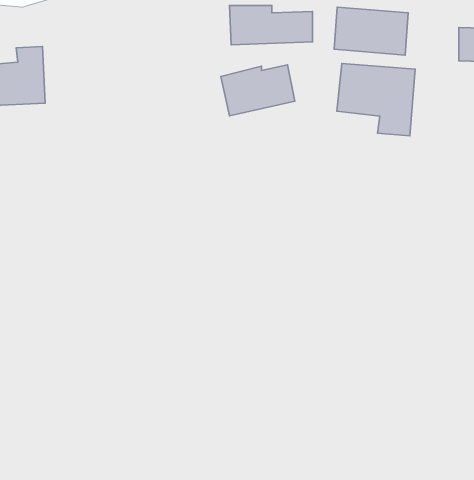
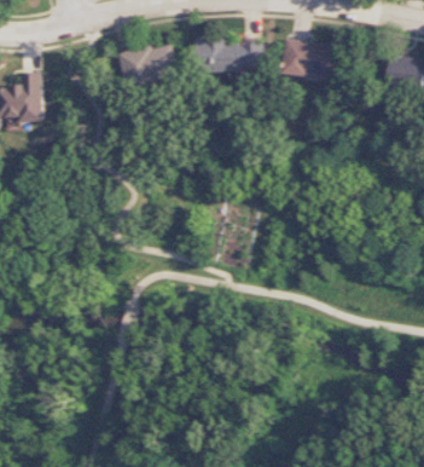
building: [337,63,415,136] -> none
building: [221,65,295,116] -> [118,44,180,86]

